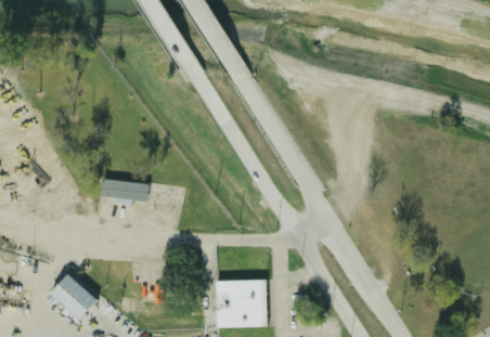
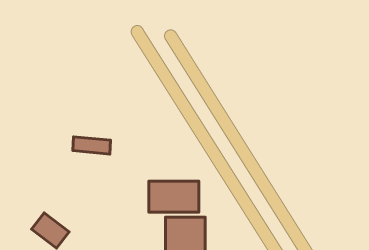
building: none -> [149,181,199,212]

